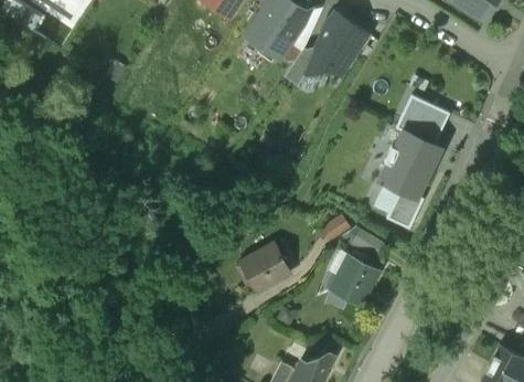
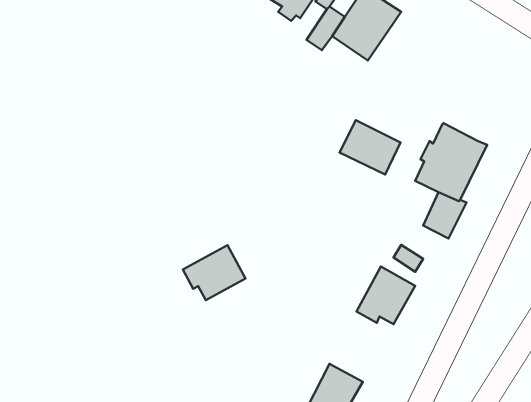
building: [394,103,448,153] -> none
building: none -> [339,120,400,174]
building: [238,230,292,277] -> [183,245,246,300]

